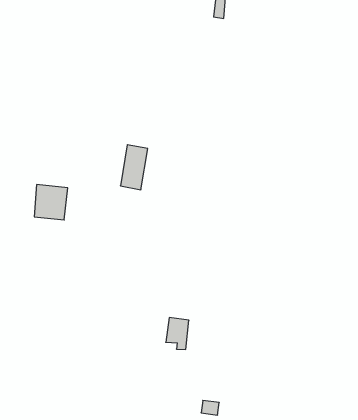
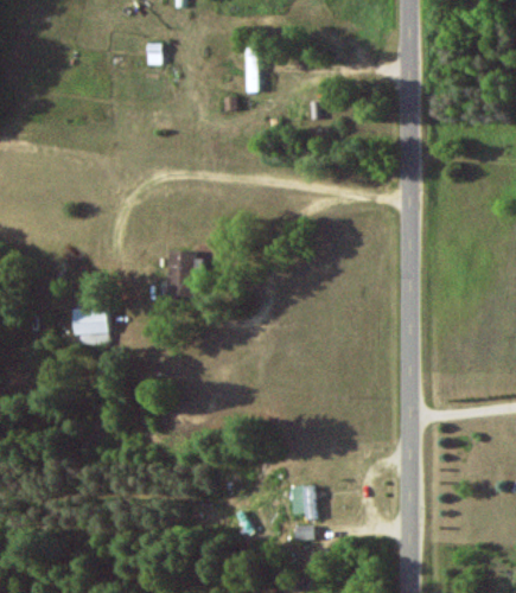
building: [166,318,189,349] -> [291,486,314,521]

